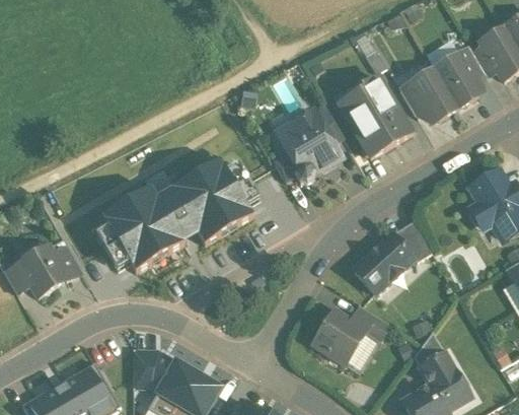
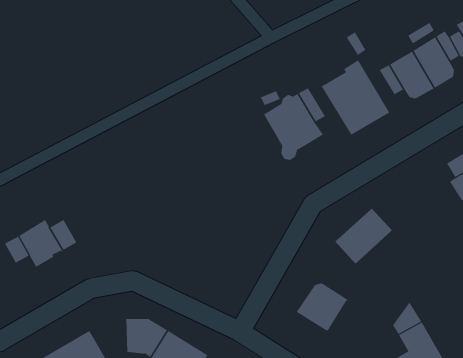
building: [102,159,253,272] -> none
building: [392,221,432,262] -> none
building: [351,305,390,341] -> none

